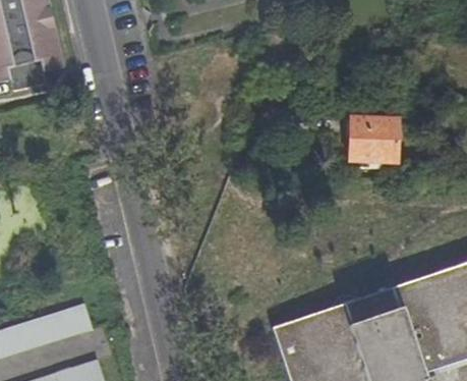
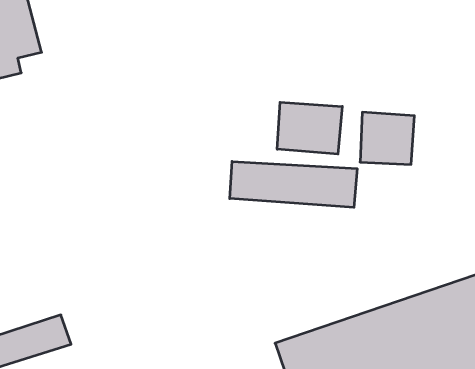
building: none -> [277,102,342,154]
building: none -> [230,161,357,207]

